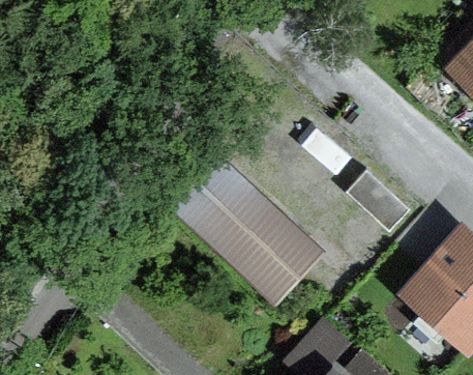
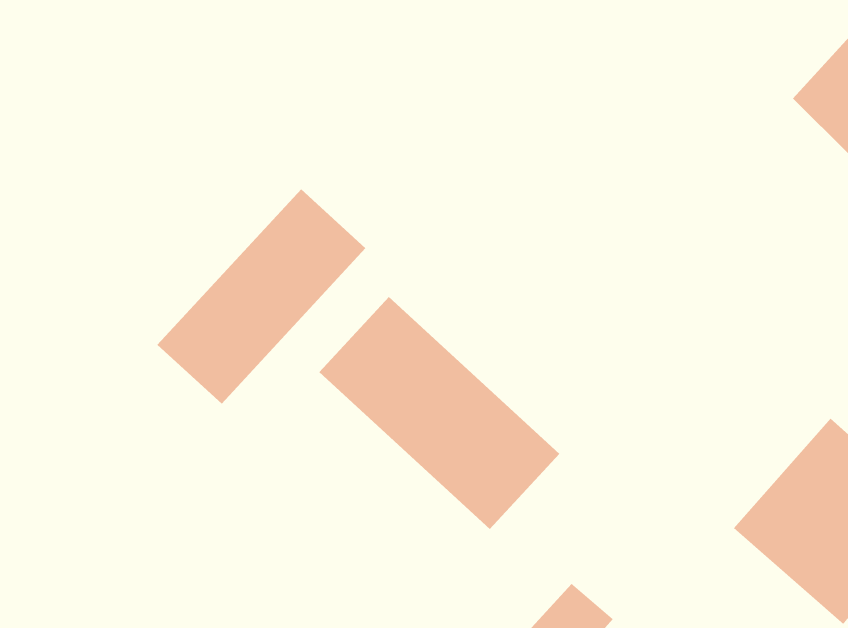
building: none -> [157,188,366,405]

